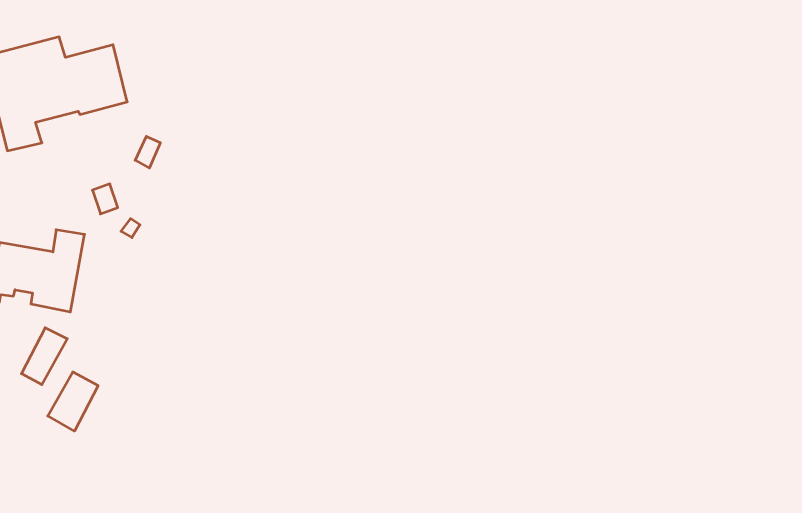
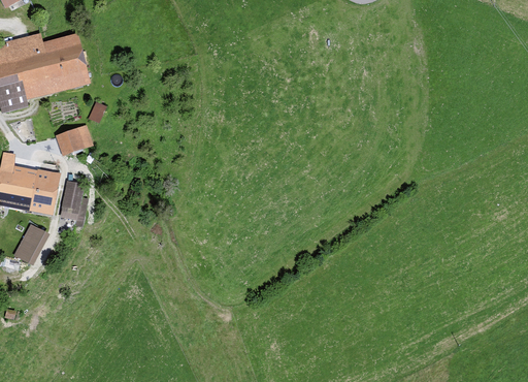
building: none -> [66,183,87,217]
building: [48,372,98,431] -> none

